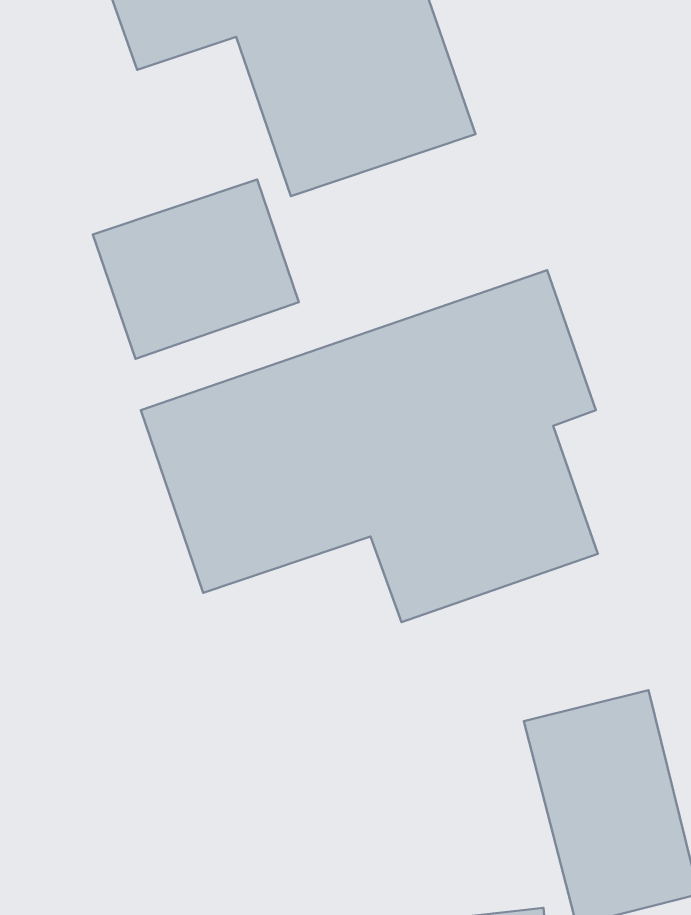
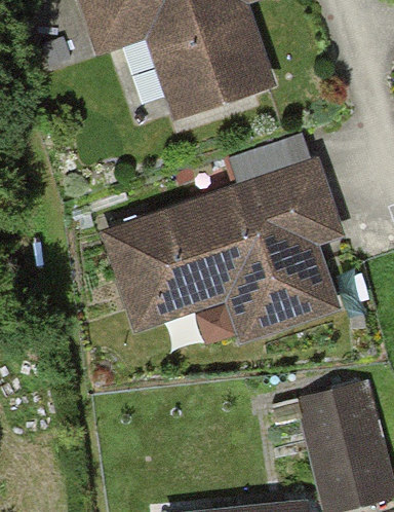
building: [93,179,299,359] -> none

